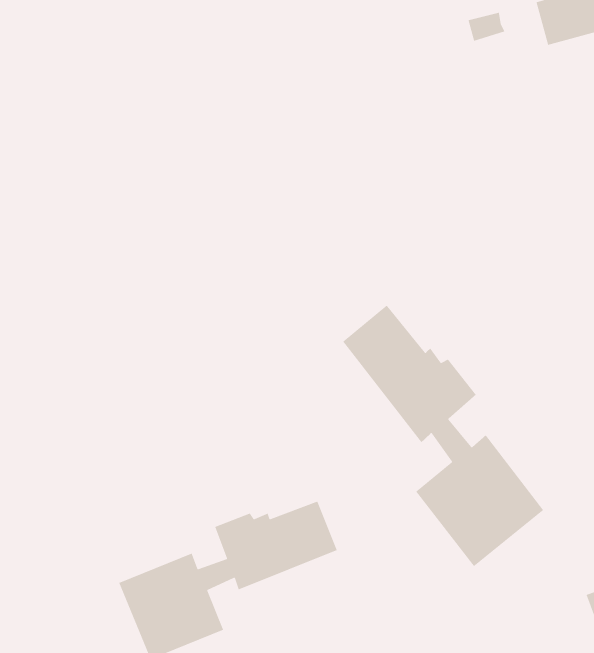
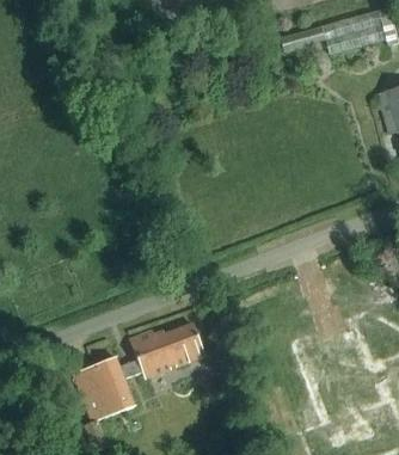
building: [342,304,544,567] -> none

